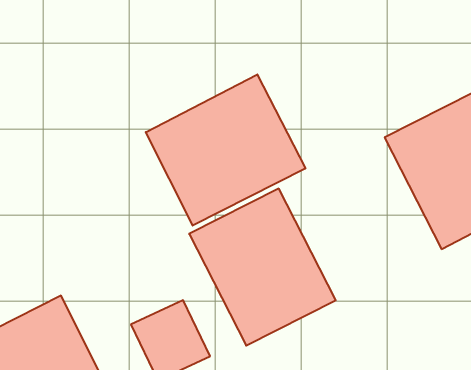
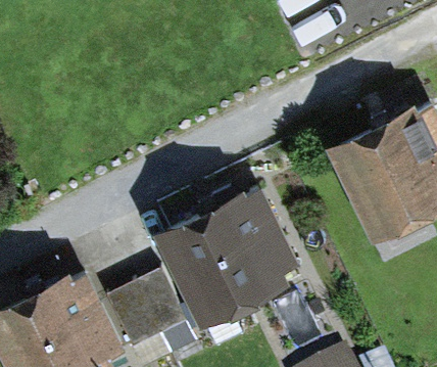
building: [146,74,305,226] -> none

